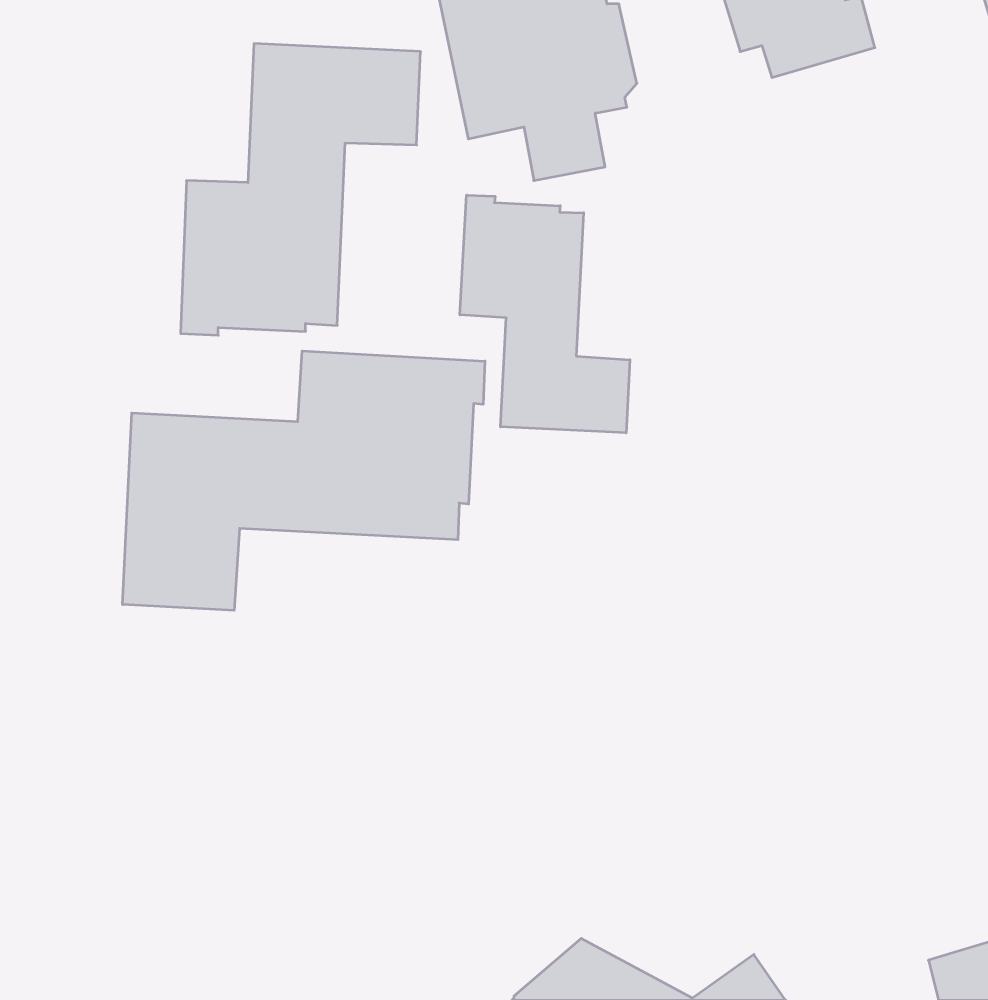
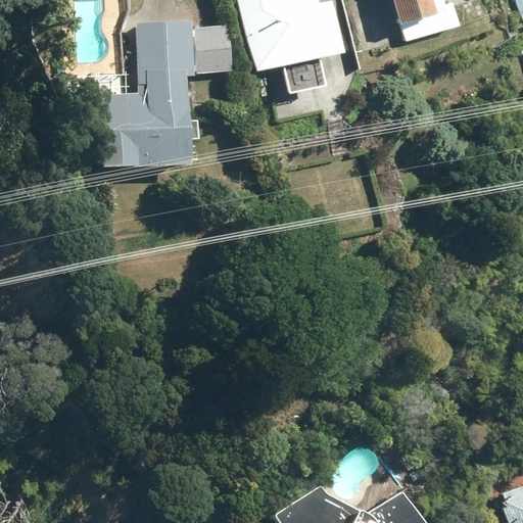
building: [460,195,630,433] -> none
building: [123,351,485,610] -> none

